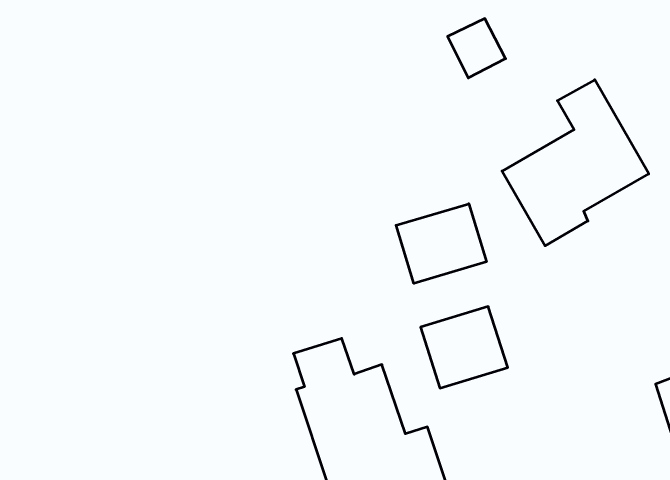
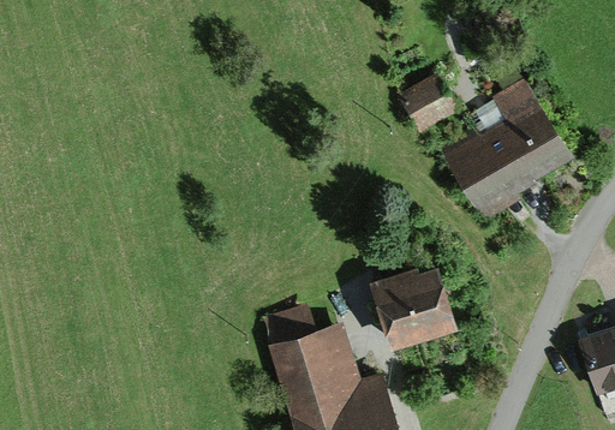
building: [448,19,506,78] -> [405,78,455,130]
building: [396,204,486,283] -> none

